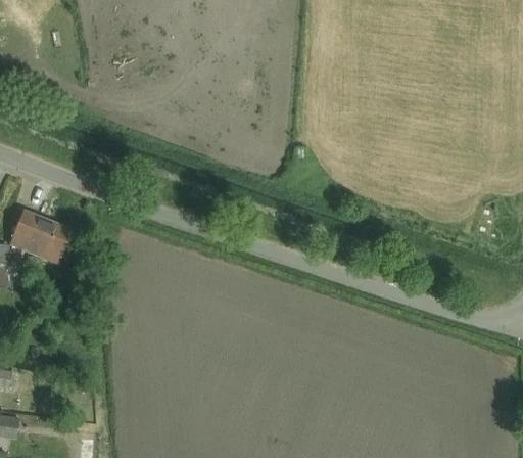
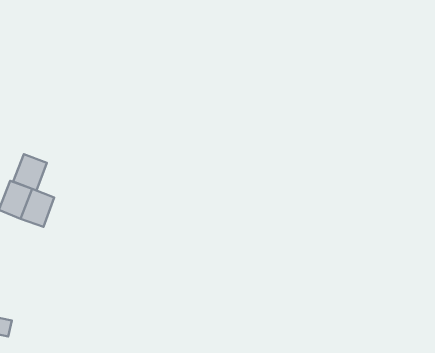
building: none -> [13,154,47,190]

